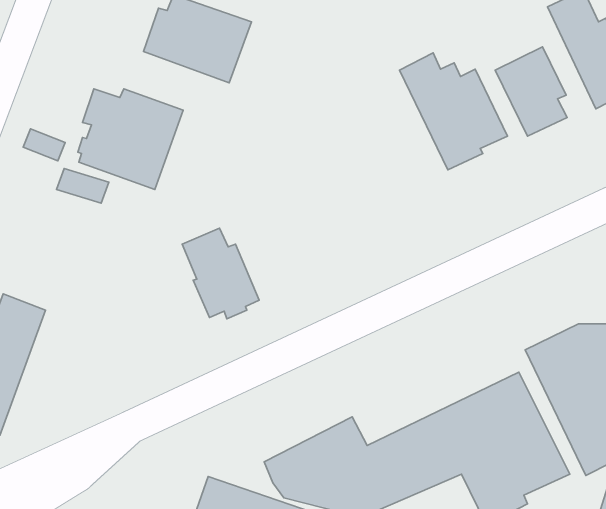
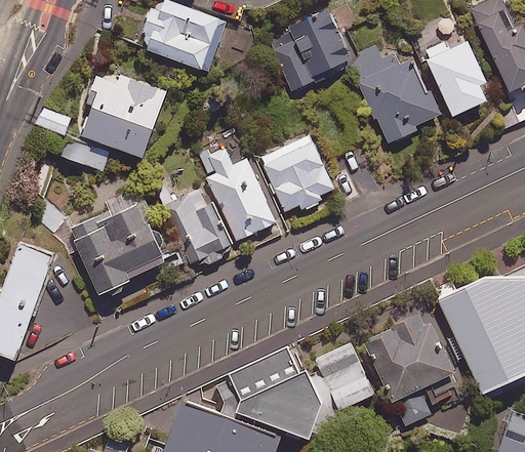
building: none -> [272,7,347,90]
building: none -> [258,133,333,211]
building: none -> [197,146,276,240]
building: none -> [63,188,167,297]

